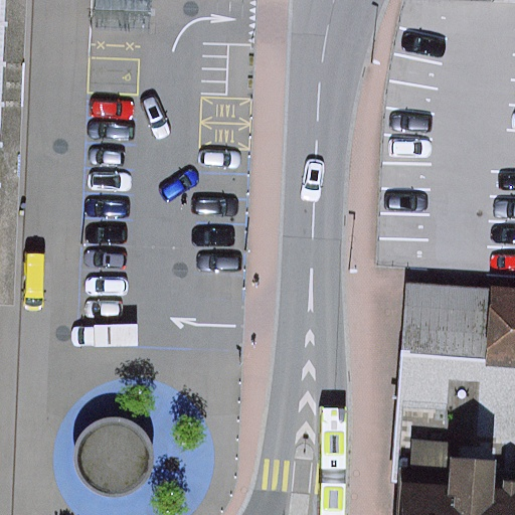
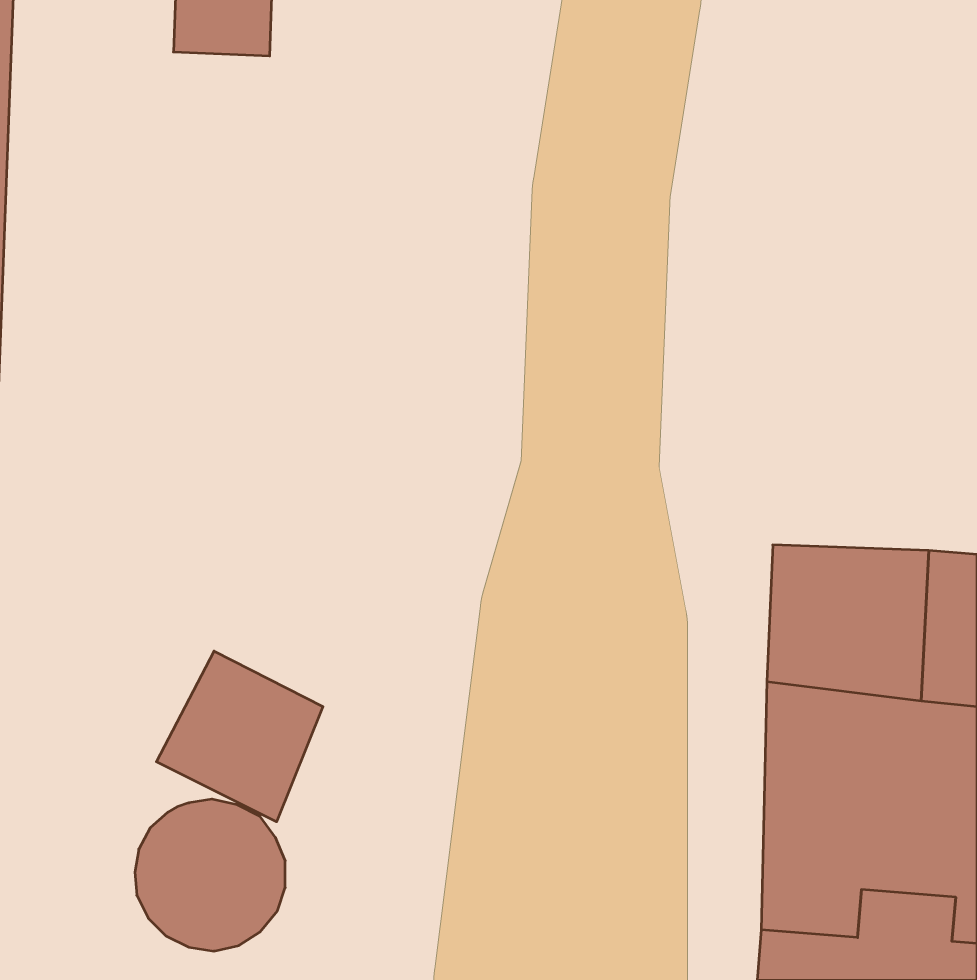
building: none -> [156,651,323,822]

